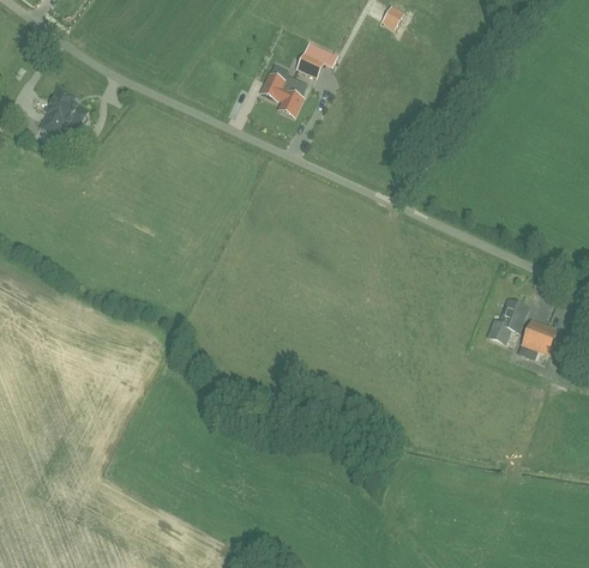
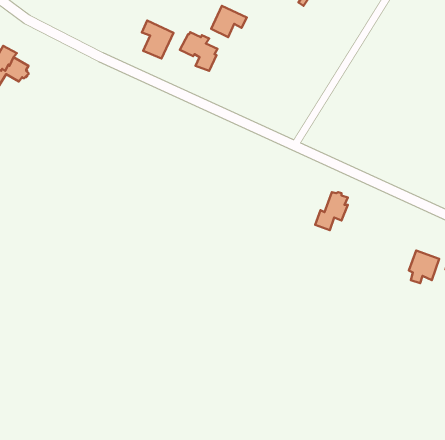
building: none -> [142,20,174,59]
building: [488,301,525,344] -> [315,192,348,230]

